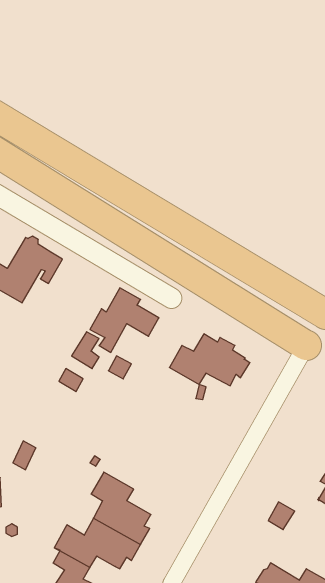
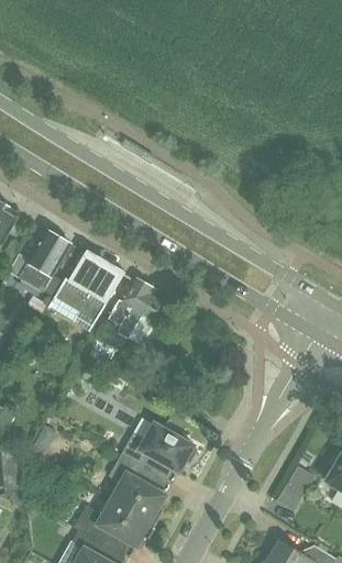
building: none -> [49,250,125,330]
building: [169,334,250,386] -> [121,422,198,472]

